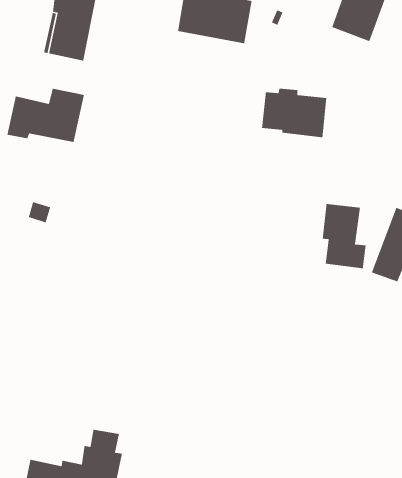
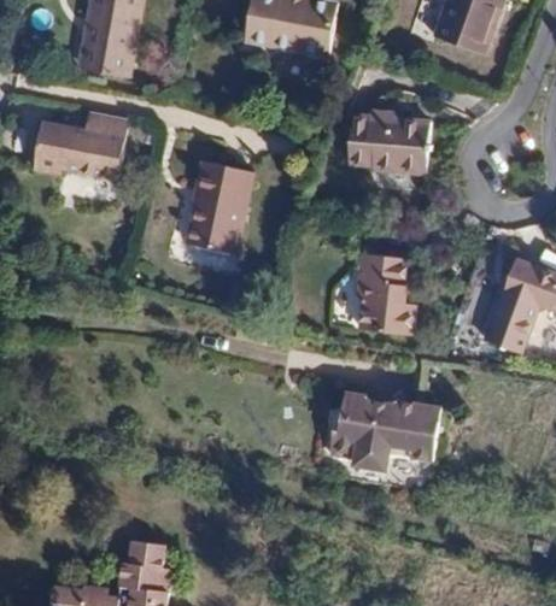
building: none -> [185,161,252,254]
building: [322,203,367,269] -> [358,254,414,336]
building: none -> [328,392,439,470]

